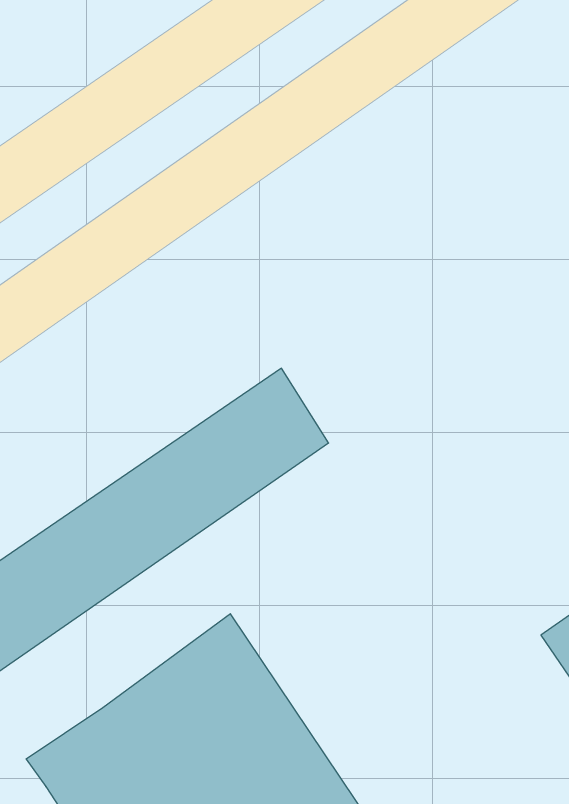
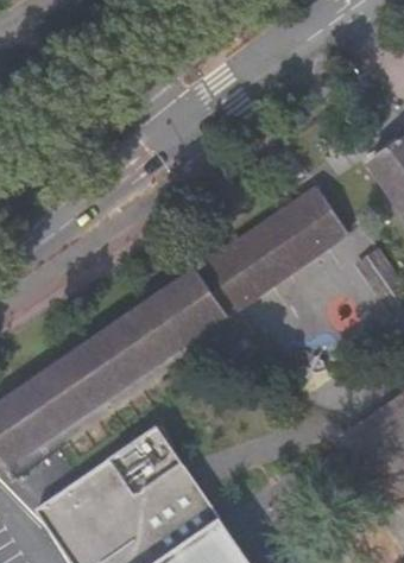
building: none -> [189,186,346,318]

